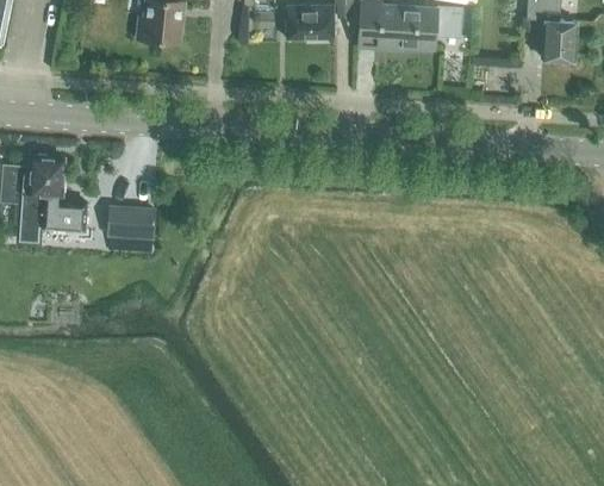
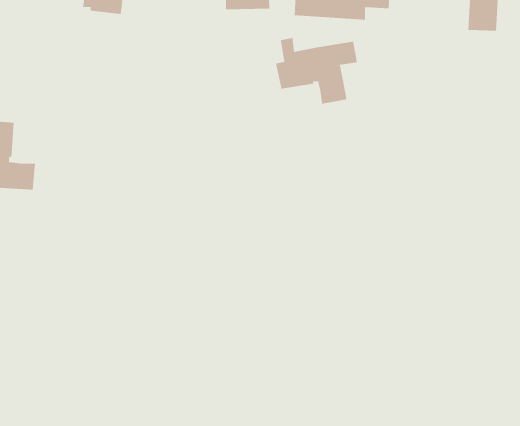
building: none -> [276,37,357,105]
building: [105,204,155,239] -> none

